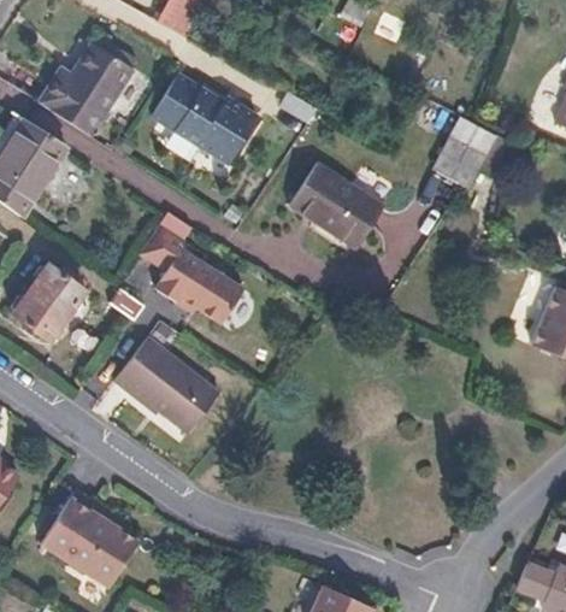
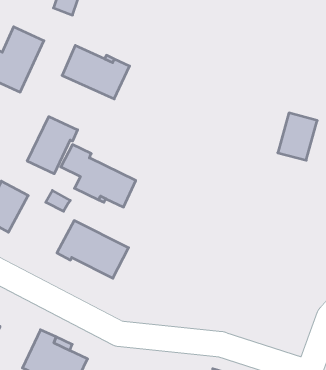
building: [434,117,497,189] -> [278,113,317,160]
building: [295,166,388,251] -> none
building: none -> [27,117,78,174]

